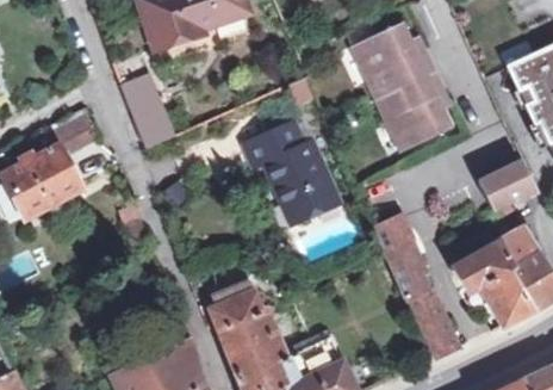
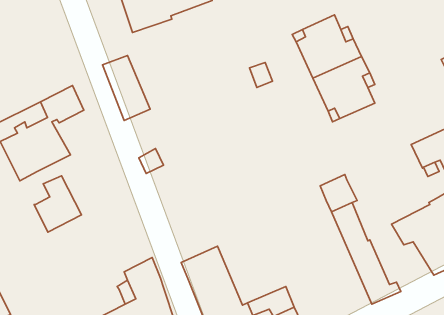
building: [247,119,338,219] -> none
building: none -> [34,176,82,232]

